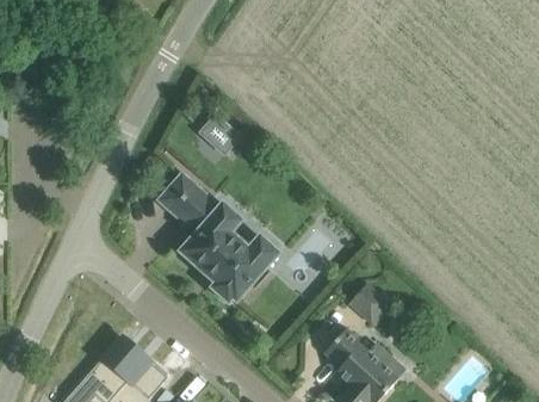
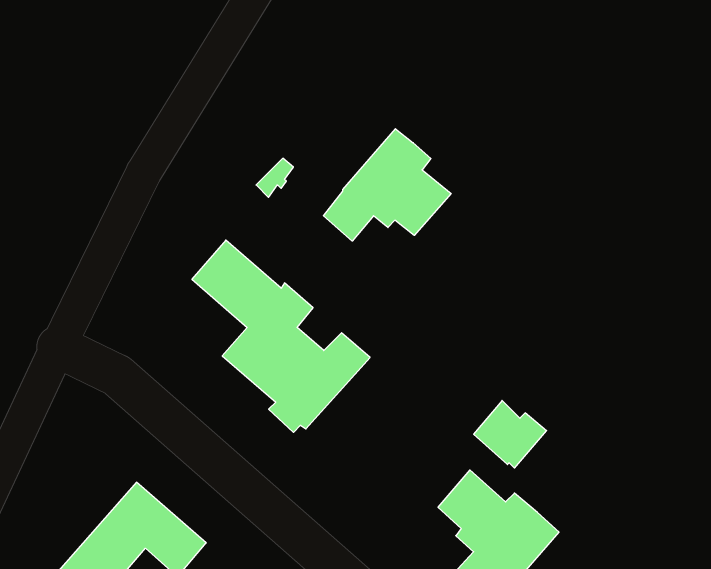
building: none -> [323,129,451,241]

